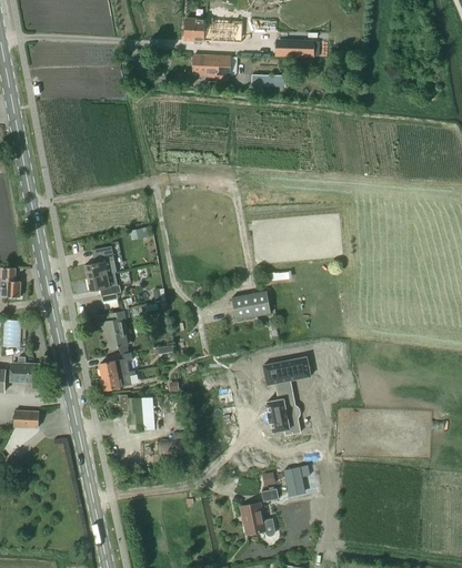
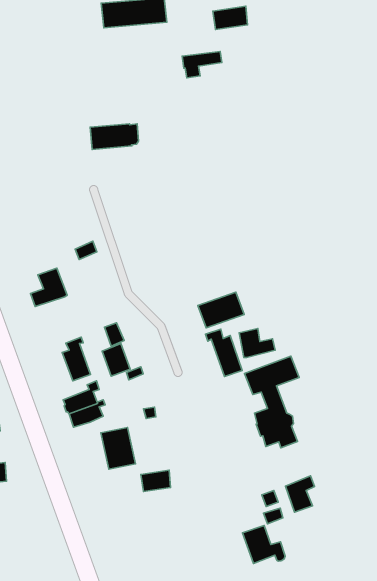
building: [193,53,237,75] -> [90,124,139,150]
building: [86,272,119,301] -> none
building: none -> [102,343,130,376]
building: none -> [205,329,242,377]
building: none -> [239,329,275,358]

